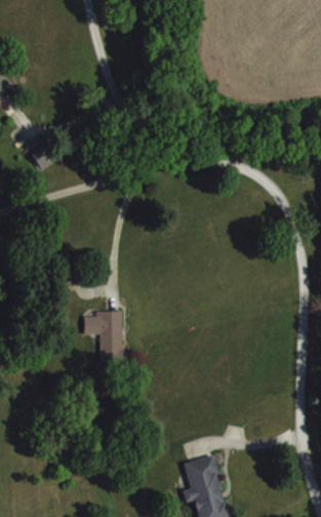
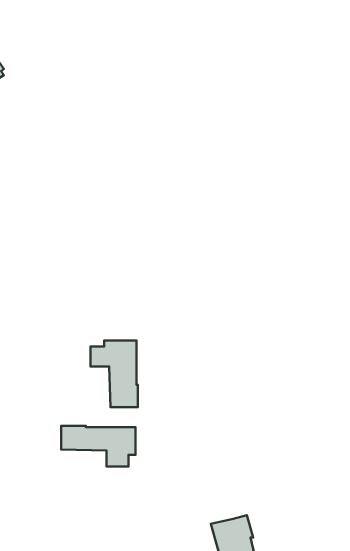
building: none -> [61,426,135,466]

